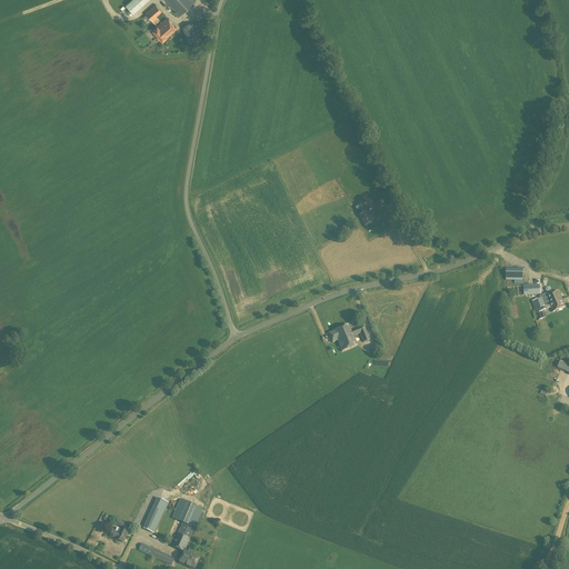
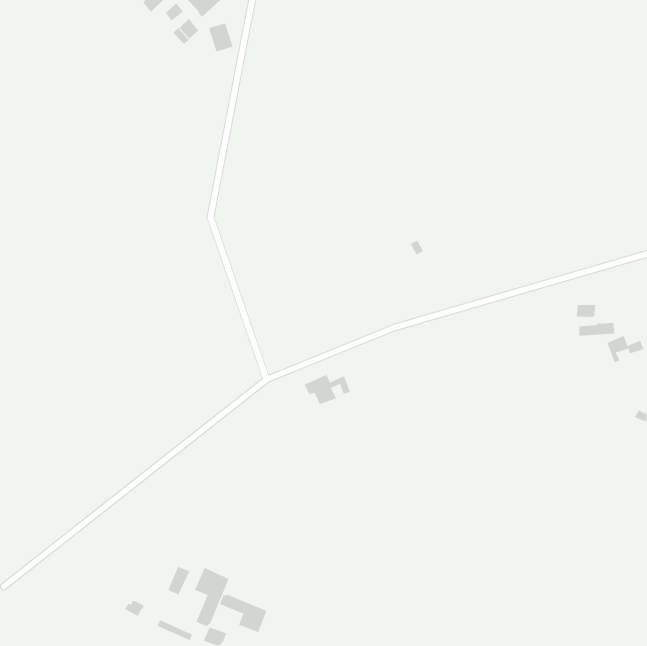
building: [328,322,369,349] -> [304,374,351,405]
building: none -> [219,594,267,633]

